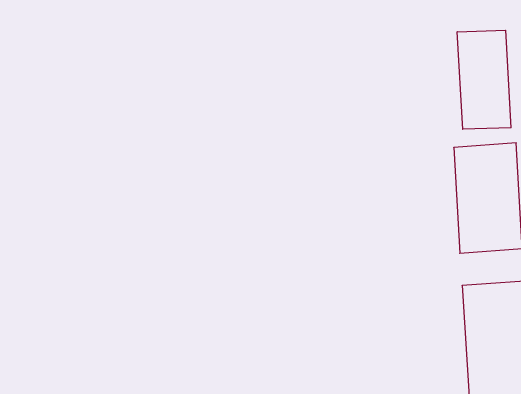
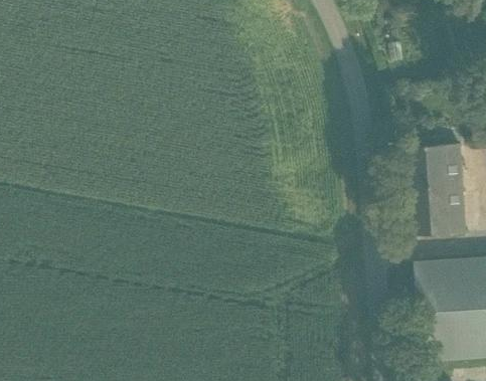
building: [457,30,511,129] -> none

